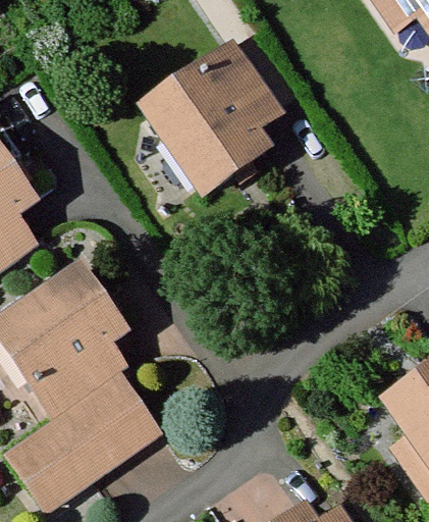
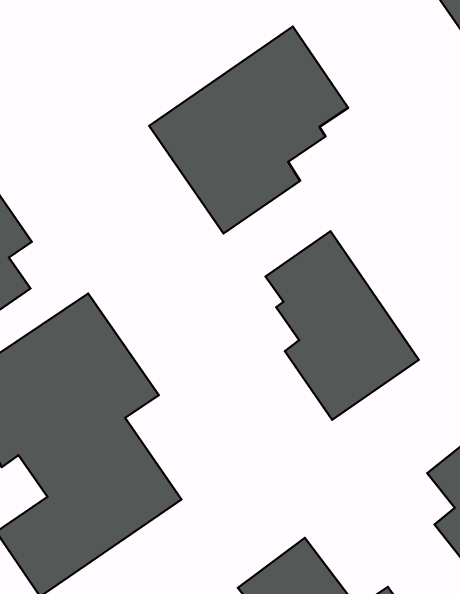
building: none -> [266,231,419,420]

